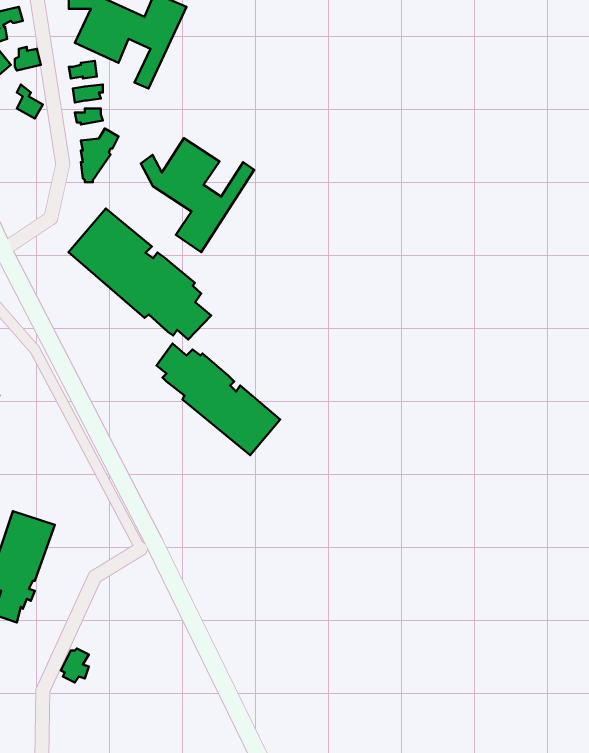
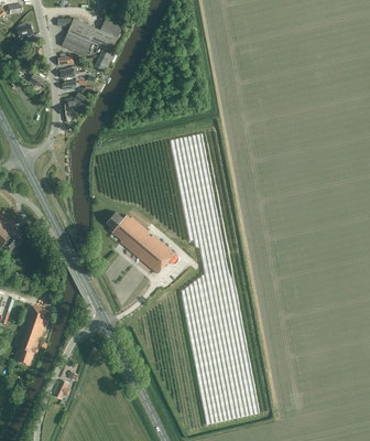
building: [141,138,254,252] -> none
building: [69,208,211,340] -> none

